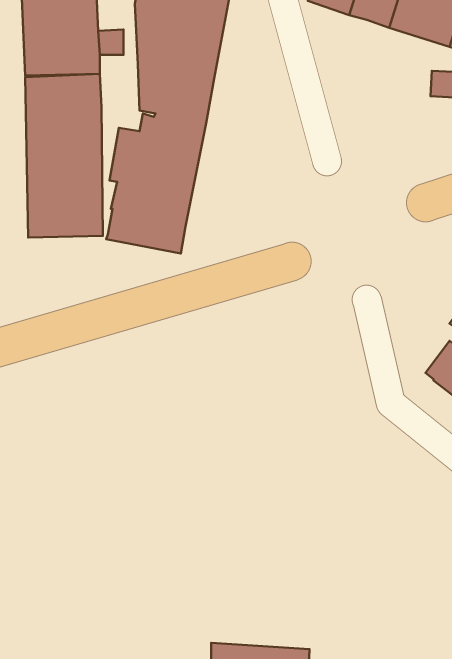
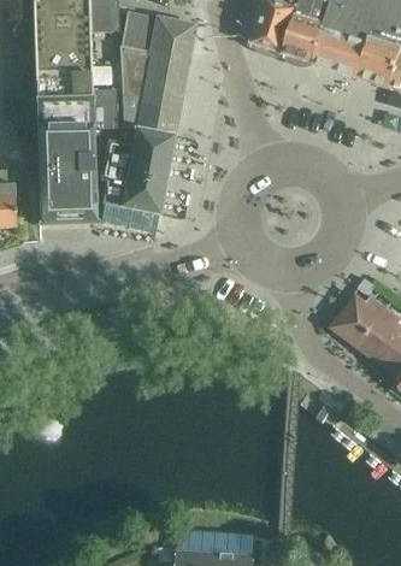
building: none -> [94,88,118,126]

